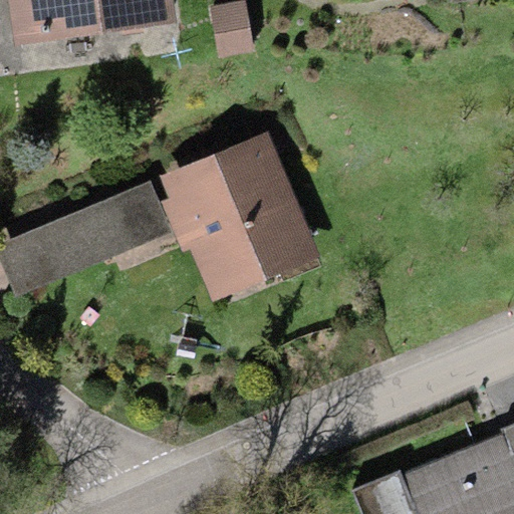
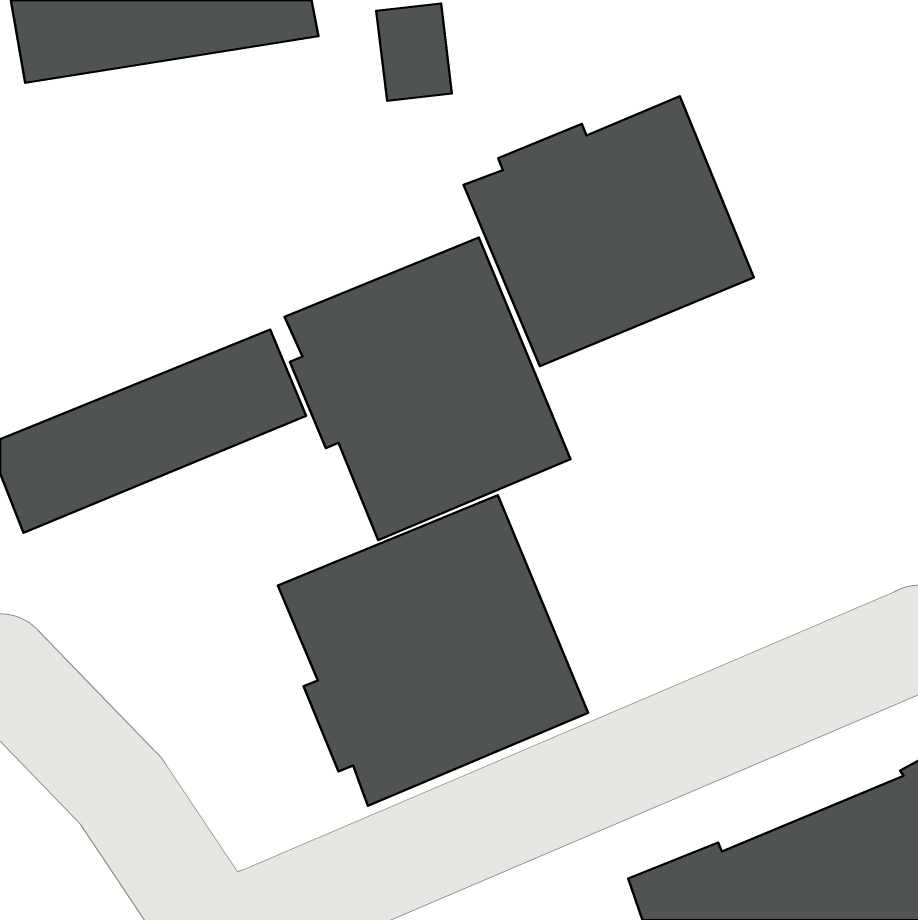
building: none -> [464,96,754,366]
building: none -> [278,495,588,806]

